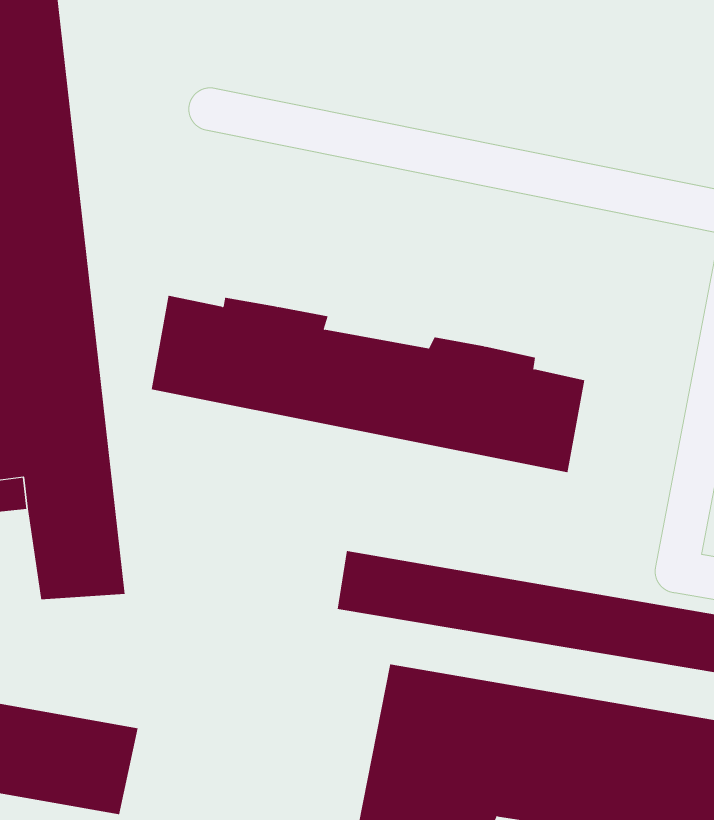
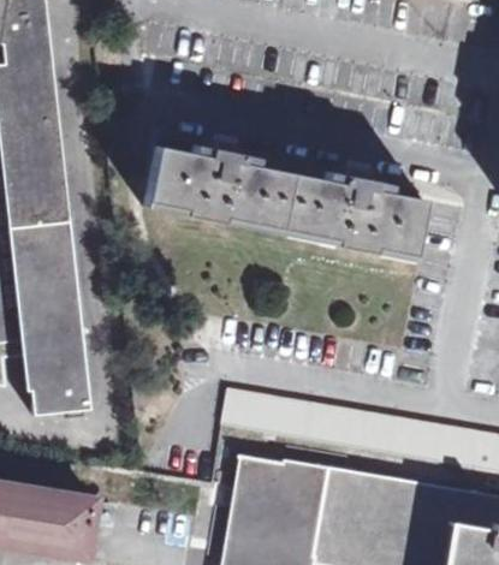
building: [151,295,585,473] -> [147,145,423,258]

